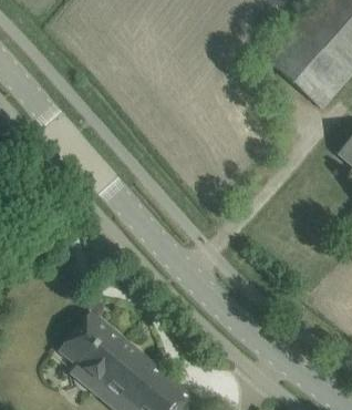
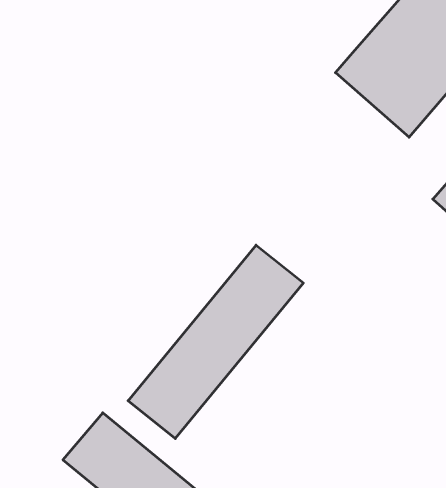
building: none -> [128,245,303,439]

